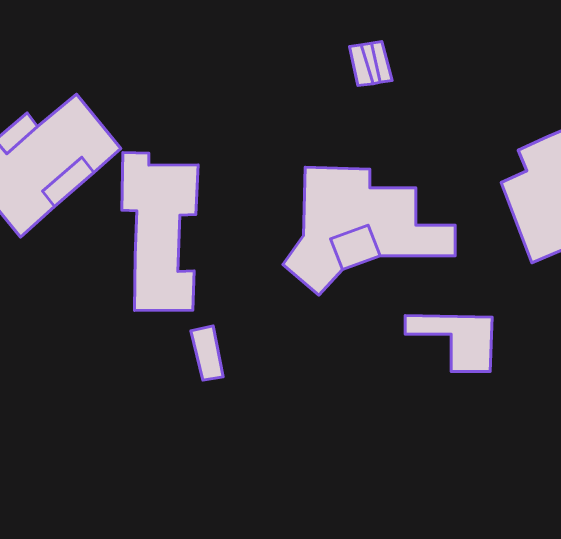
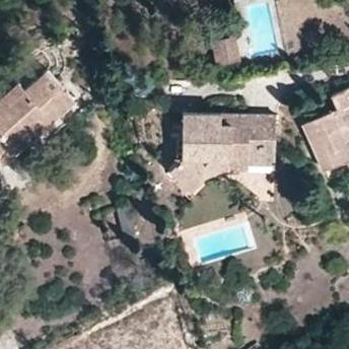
building: [122,152,198,311] -> none
building: [405,315,492,372] -> [224,116,276,149]

